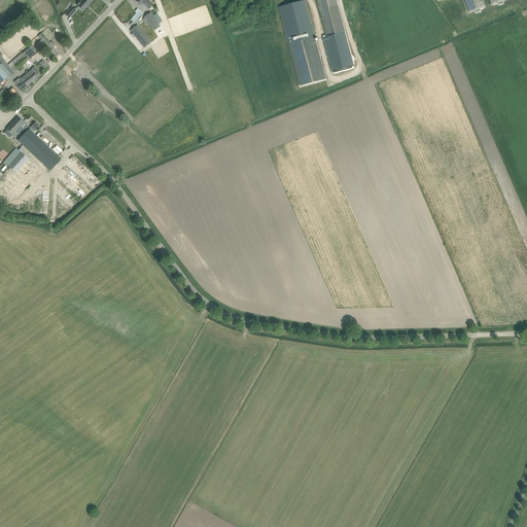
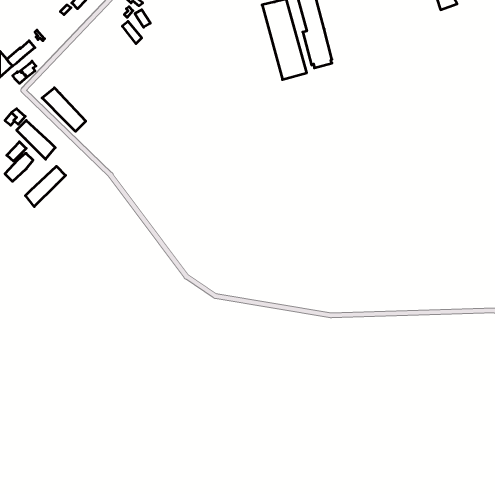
building: none -> [42,88,86,131]
building: none -> [25,166,66,207]

